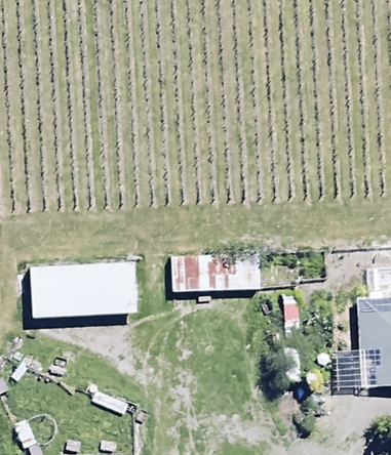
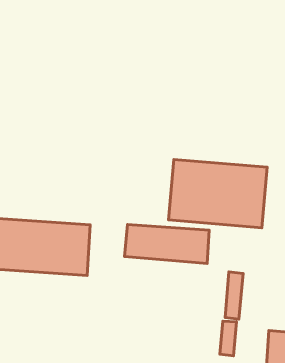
building: none -> [169,159,267,228]

